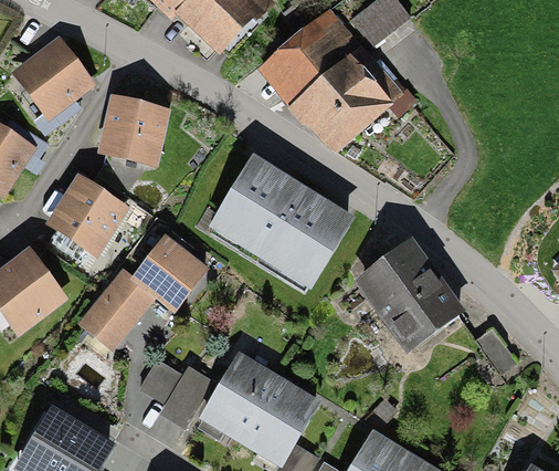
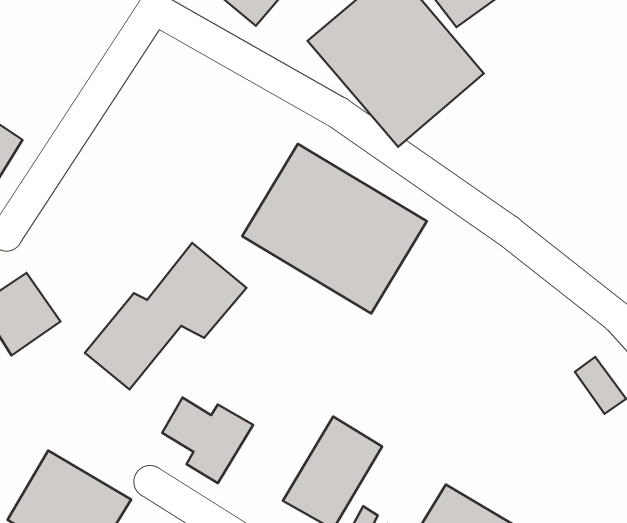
building: [22,45,88,112] -> none
building: [105,101,162,159] -> none
building: [57,182,118,245] -> none
building: [352,237,461,350] -> none
building: [196,349,280,443] -> none

